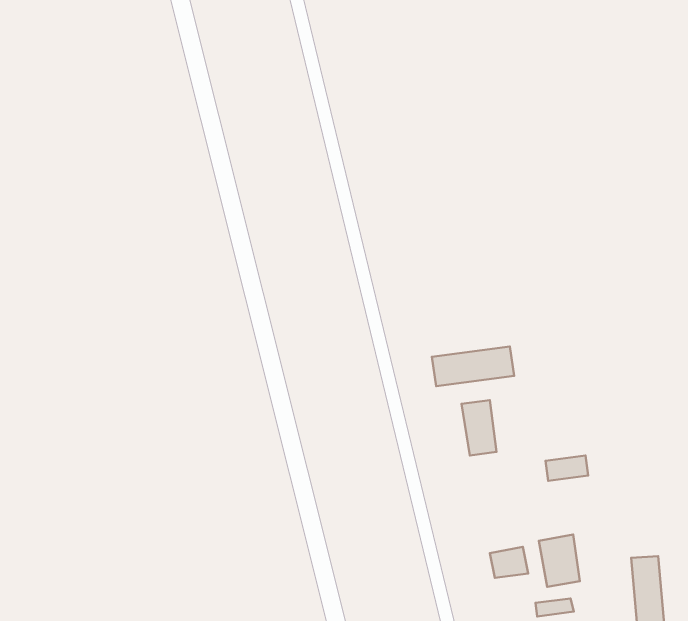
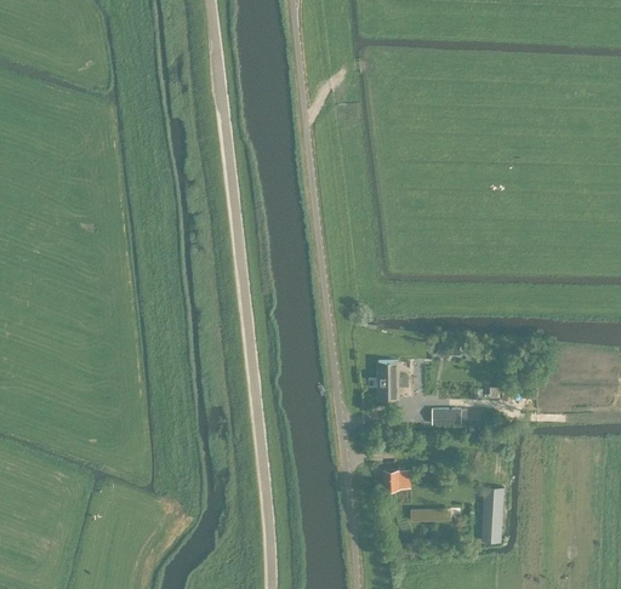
building: [432,346,514,386] -> none
building: [539,534,580,587] -> none

